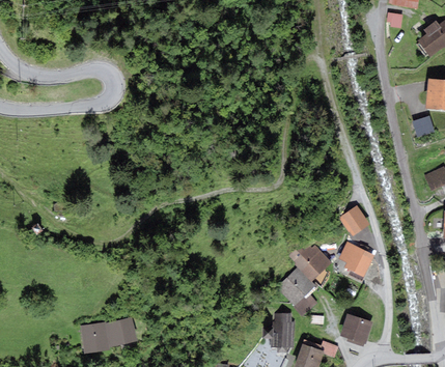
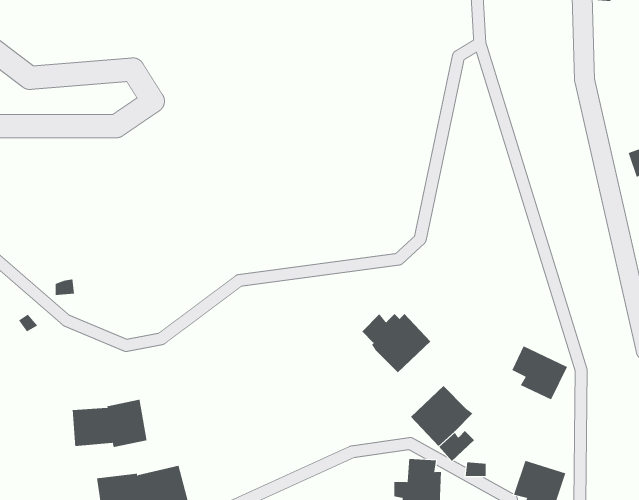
building: [338,205,369,236] -> none
building: [288,245,332,282] -> [361,313,431,373]
building: none -> [72,399,147,448]

